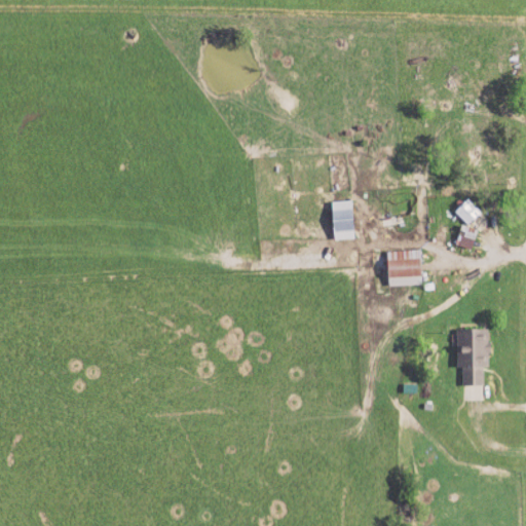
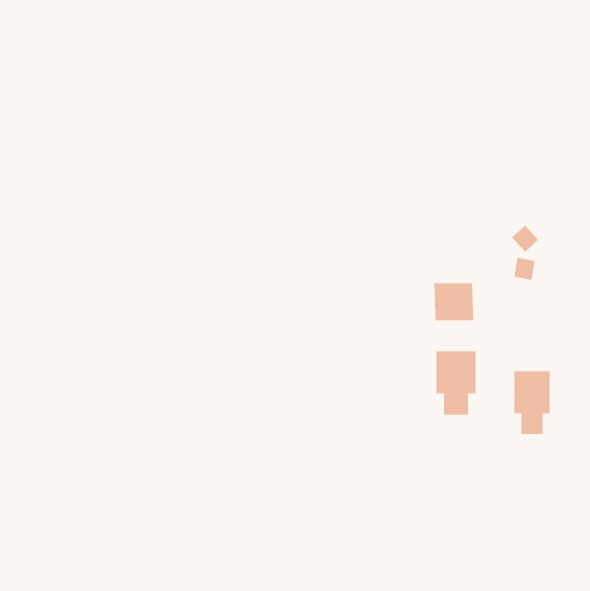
building: [332,200,353,238] -> none
building: none -> [436,350,476,415]

